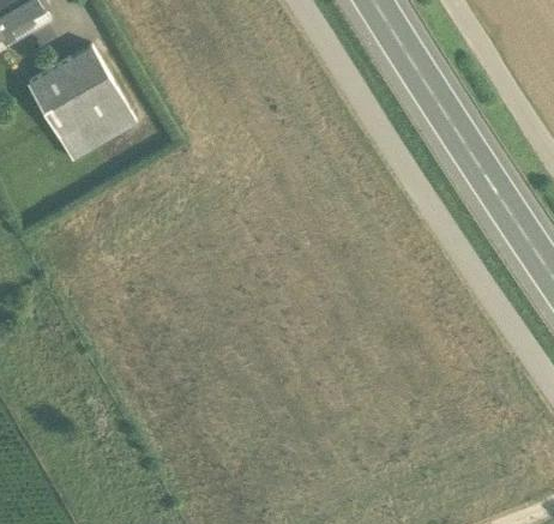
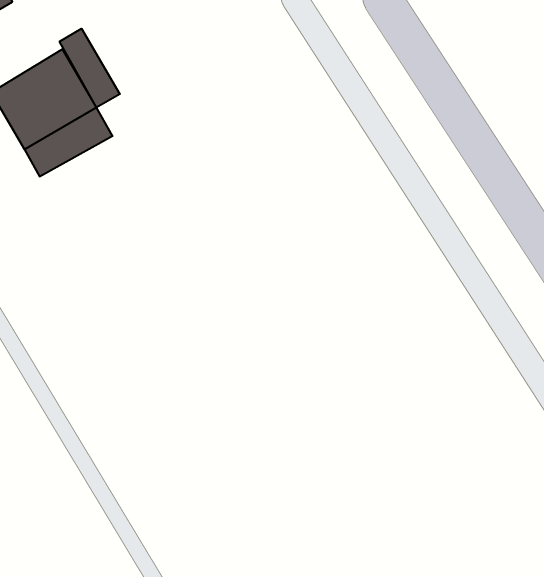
building: none -> [60,29,120,107]

